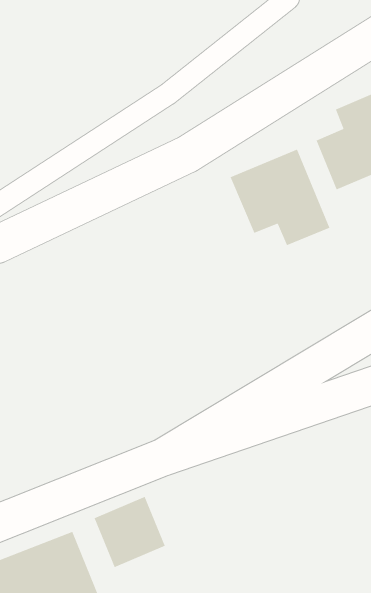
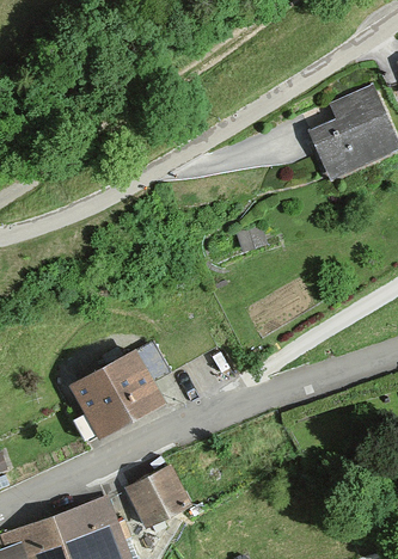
building: [230,148,330,246] -> none
building: none -> [62,338,160,438]

